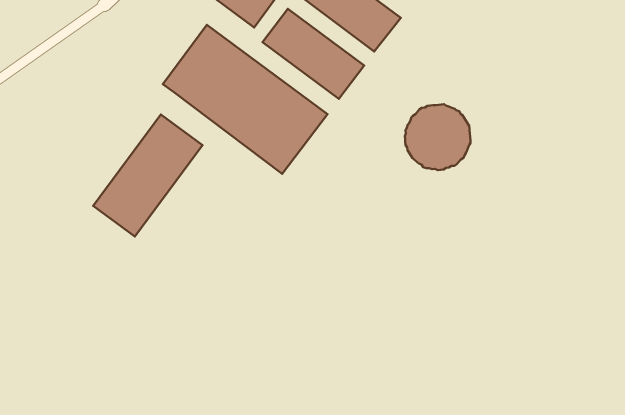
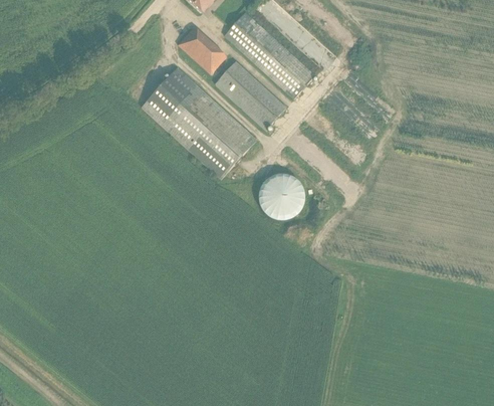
building: [405,104,471,170] -> [259,173,305,219]
building: [93,115,203,236] -> none

